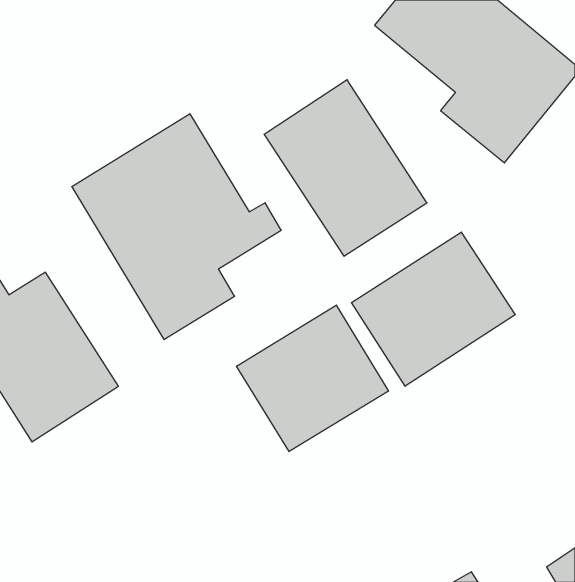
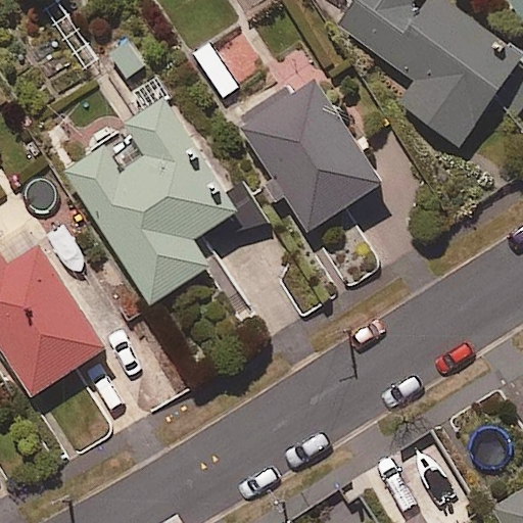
building: [352,232,515,386] -> none
building: [237,305,388,452] -> none

